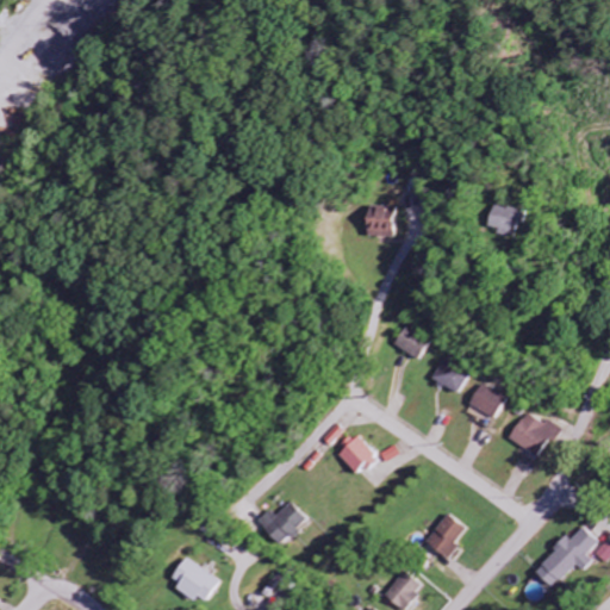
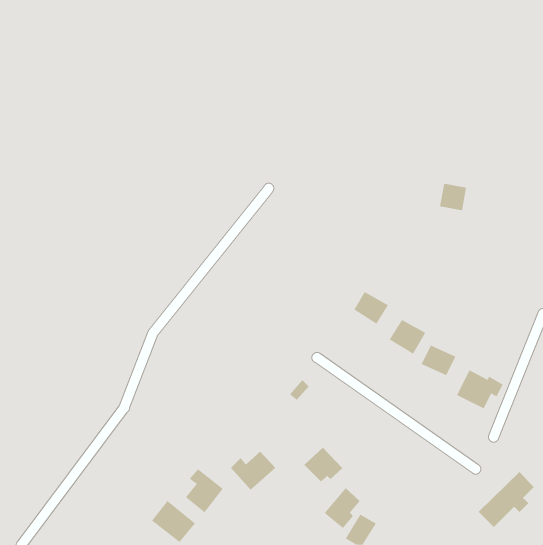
building: [362,206,394,236] -> none
building: [335,432,379,472] -> [304,447,343,482]
building: [423,513,463,560] -> [324,487,360,529]
building: none -> [185,468,223,513]

